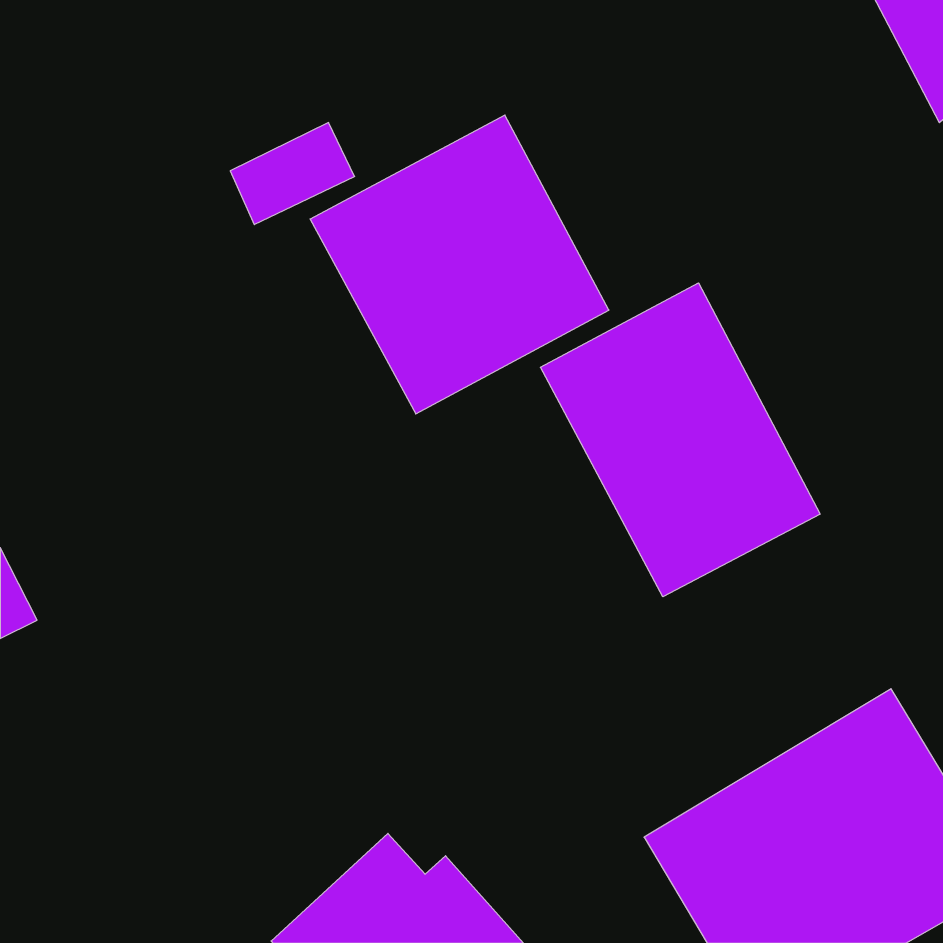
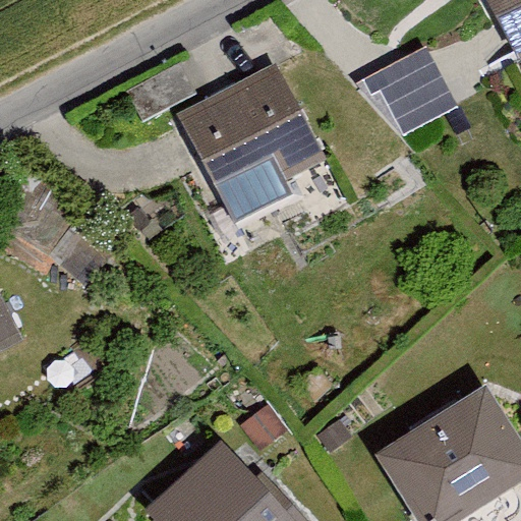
building: none -> [367,44,459,136]
building: [540,283,820,597] -> none

